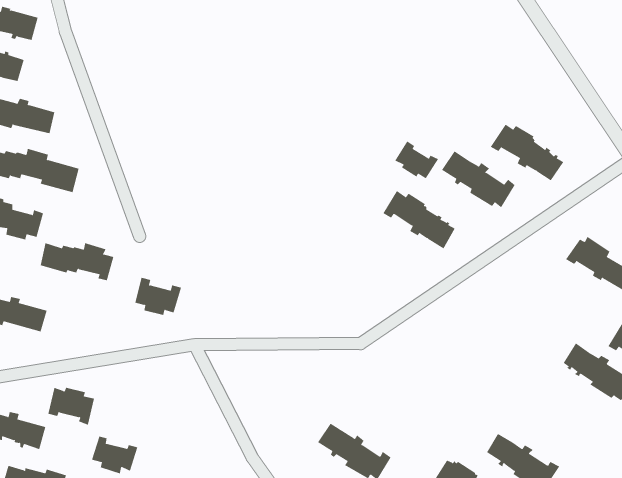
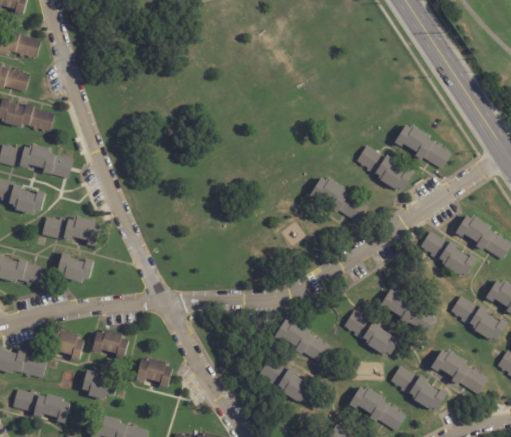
building: [394,141,439,179] -> none
building: none -> [420,230,478,276]
building: [134,277,182,316] -> [57,253,94,283]
building: none -> [379,289,436,334]
building: none -> [344,310,402,355]
building: none -> [274,319,331,364]
building: none -> [92,329,128,358]
building: none -> [431,350,488,395]
building: none -> [136,356,173,386]

